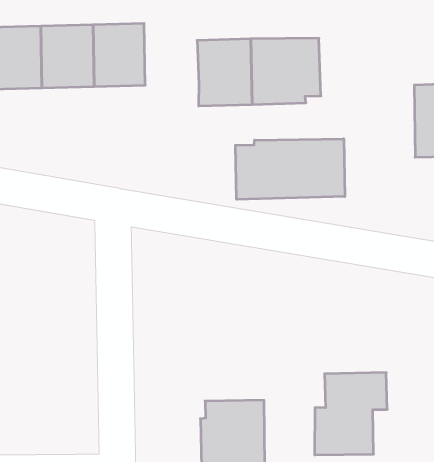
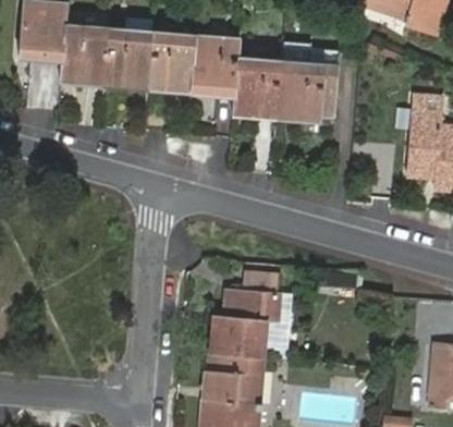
building: none -> [189,36,237,90]
building: [235,139,345,199] -> none
building: [315,373,387,455] -> [212,288,279,358]

